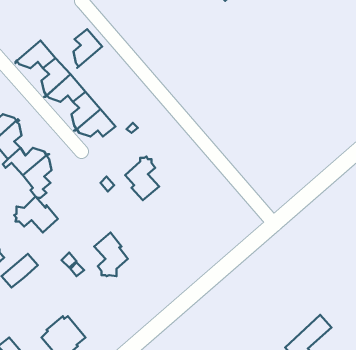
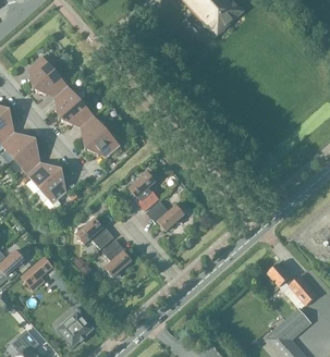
building: [73,29,102,68] -> [29,56,54,89]
building: none -> [146,200,184,231]
building: [14,196,58,233] -> [75,218,113,249]
building: none -> [267,263,317,310]

